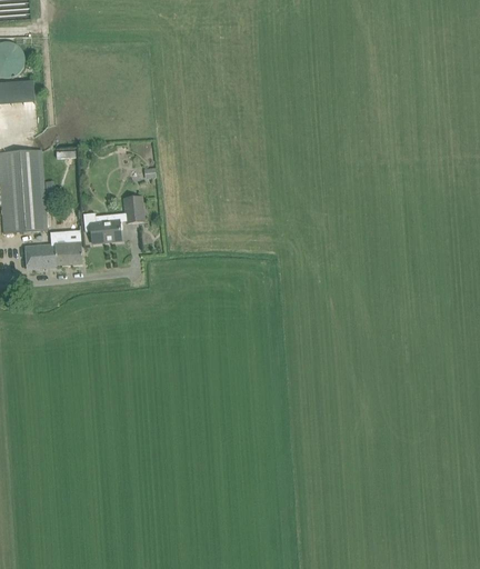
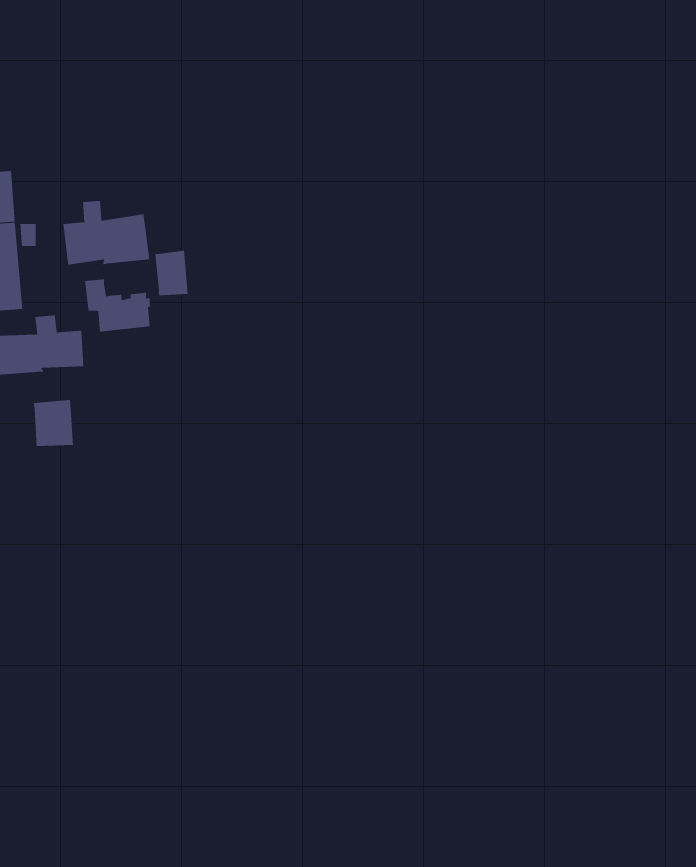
building: none -> [63,200,150,265]
building: none -> [33,399,74,447]

